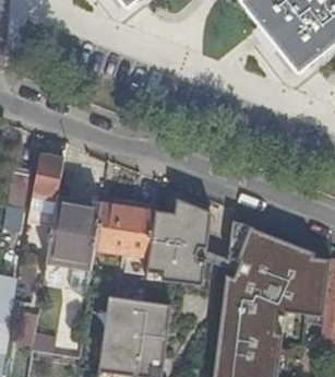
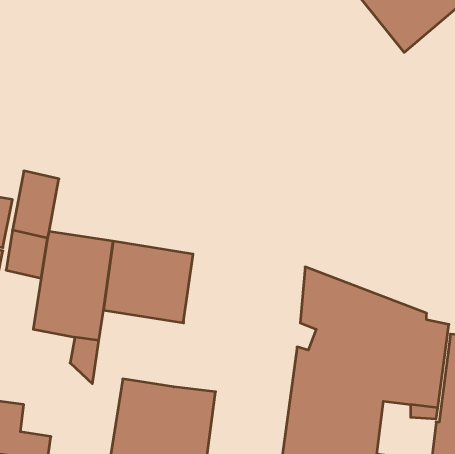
building: [145,197,211,284] -> none

